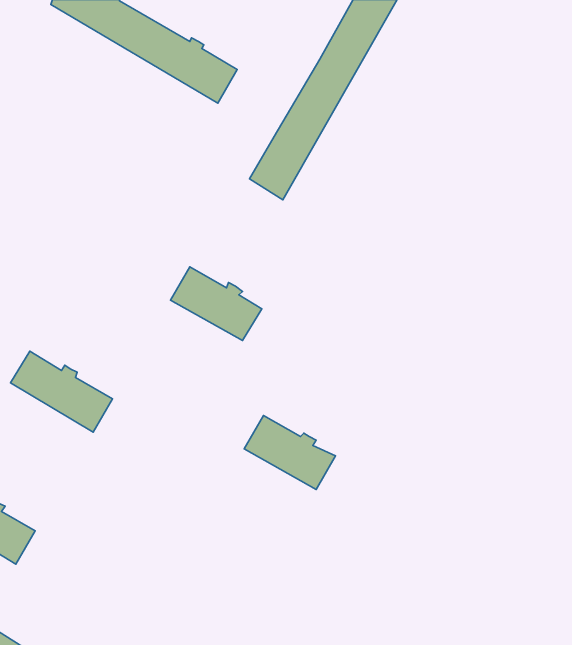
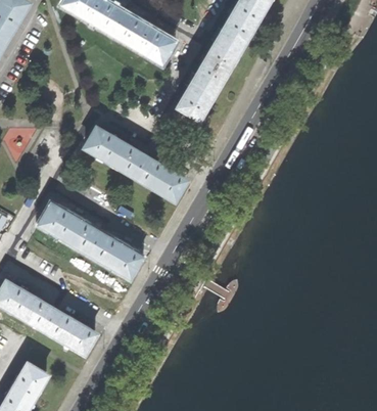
building: none -> [86,128,145,175]
building: [244,415,336,489] -> [89,232,142,275]
building: none -> [44,309,96,353]

